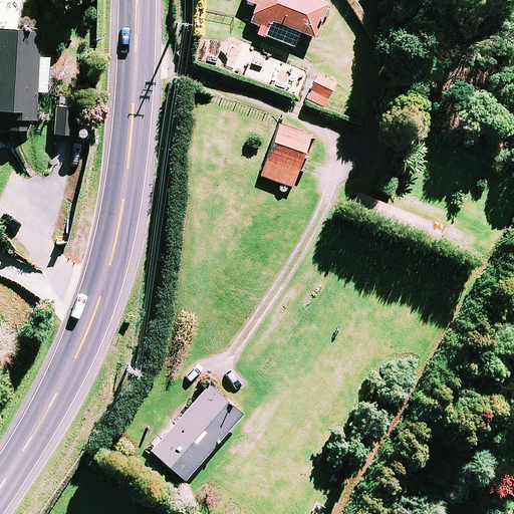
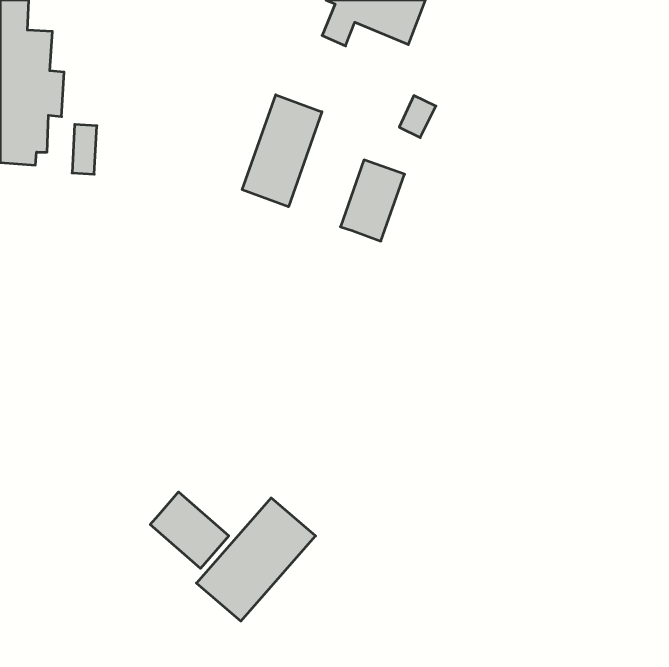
building: none -> [242,95,322,207]
building: none -> [150,492,229,568]

